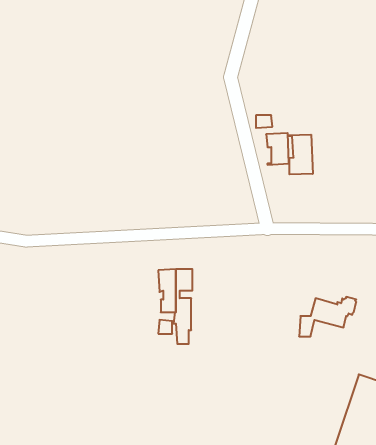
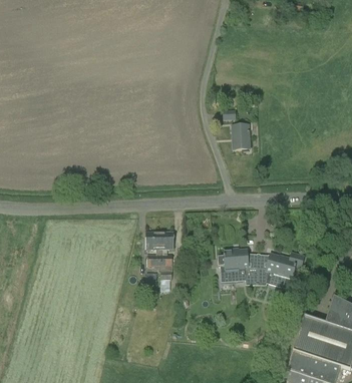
building: [288,135,313,174] -> none
building: none -> [218,249,258,285]

